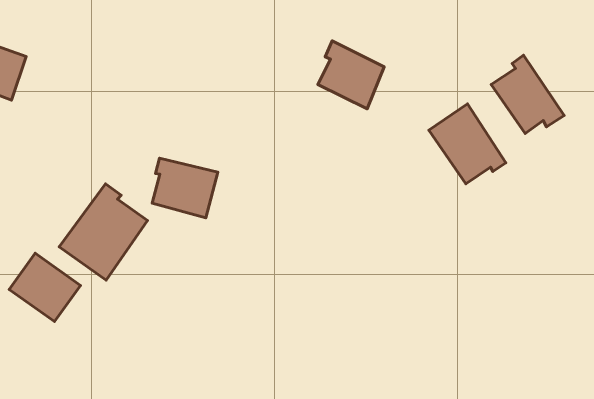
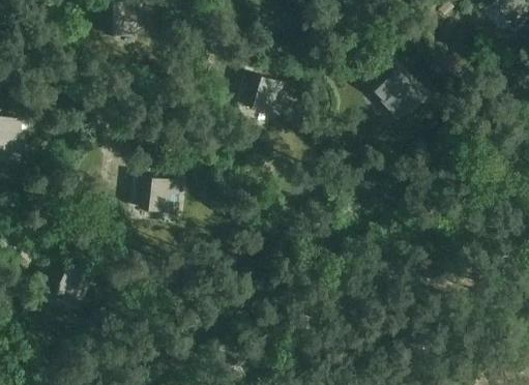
building: [429,104,506,184] -> none
building: [59,184,148,280] -> none

